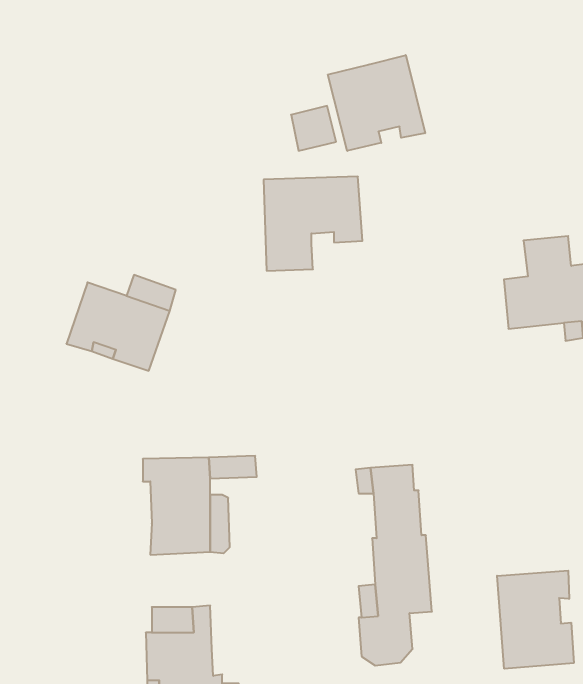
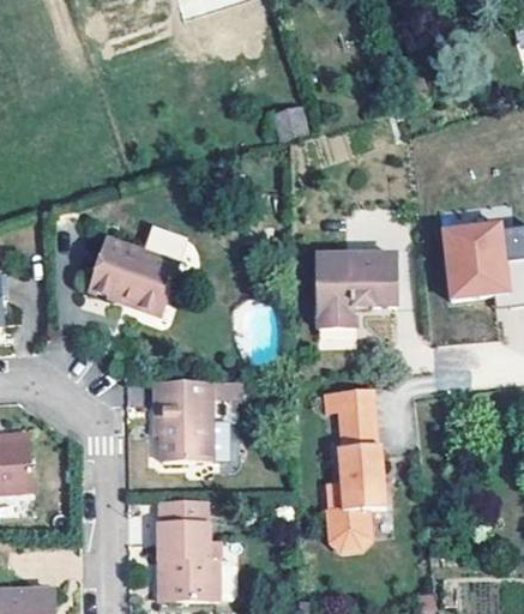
building: [328,55,425,151] -> none
building: [264,177,362,271] -> [314,253,393,329]
building: [497,571,574,669] -> none

